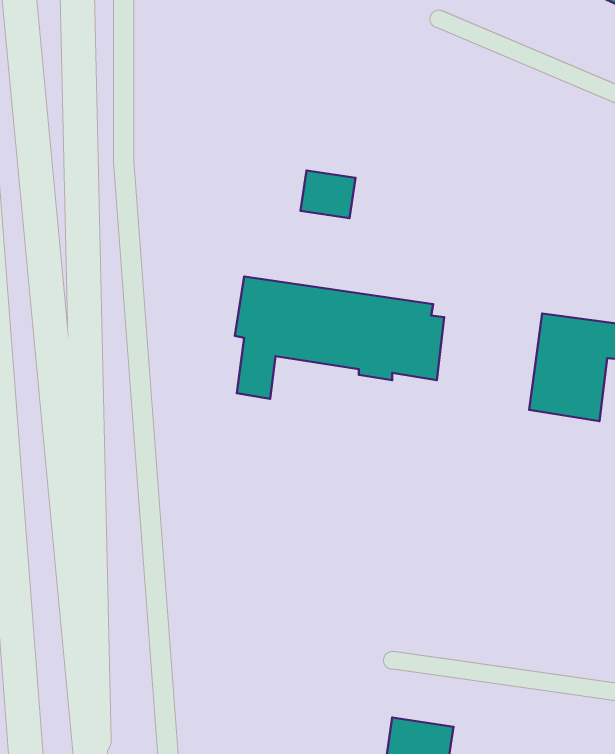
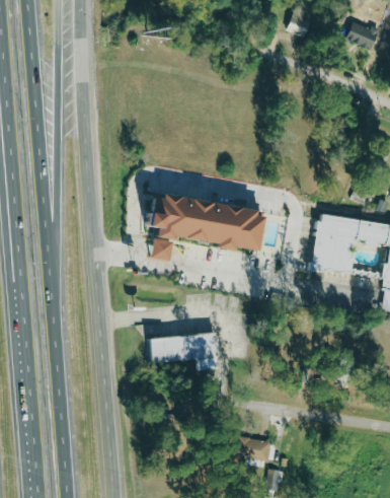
building: [300,170,356,218] -> none
building: none -> [150,333,218,369]

